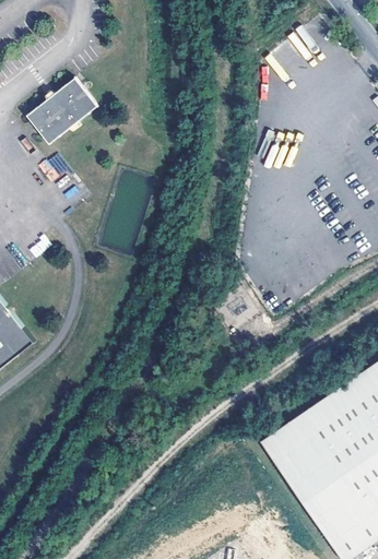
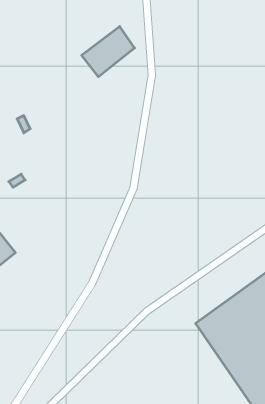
building: [24,79,94,145] -> [82,26,135,77]

